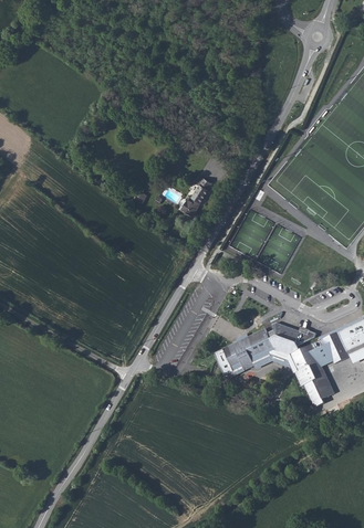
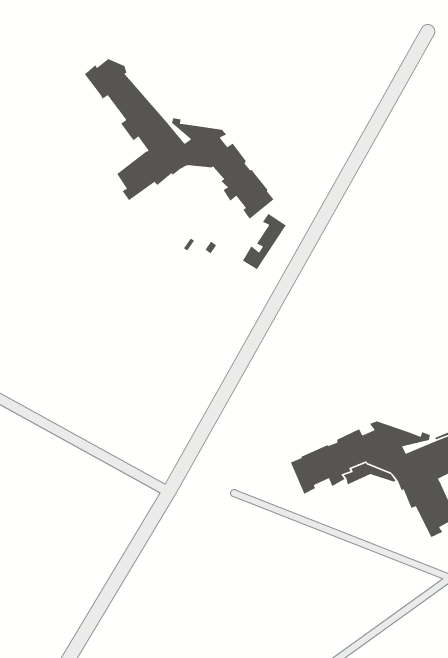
building: none -> [84,58,275,220]

